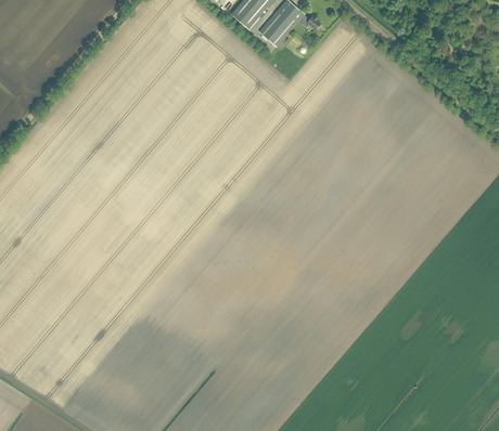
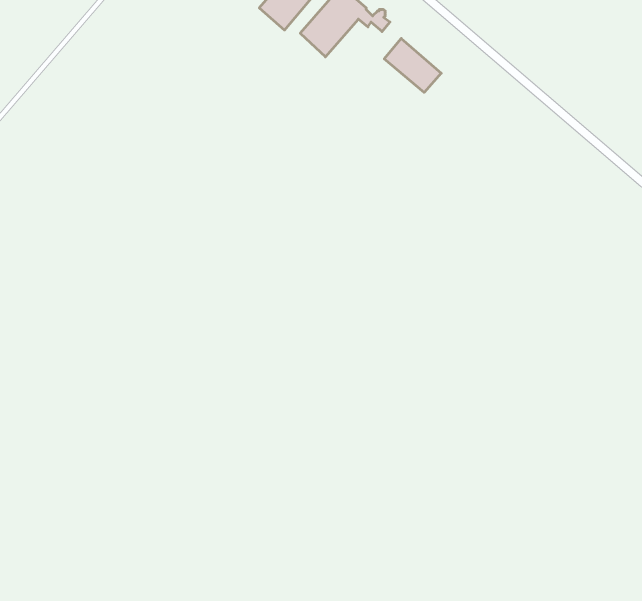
building: none -> [384,38,441,92]

